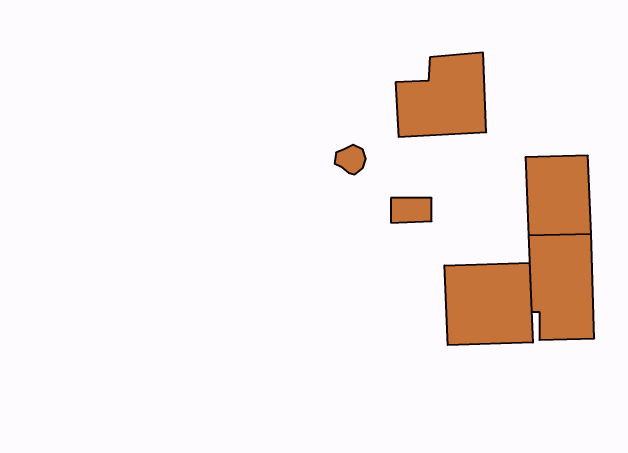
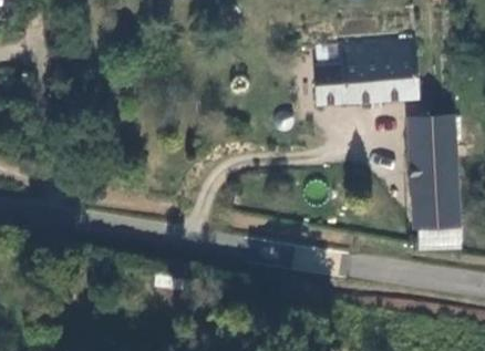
building: none -> [378,44,417,103]
building: [444,263,533,345] -> none

